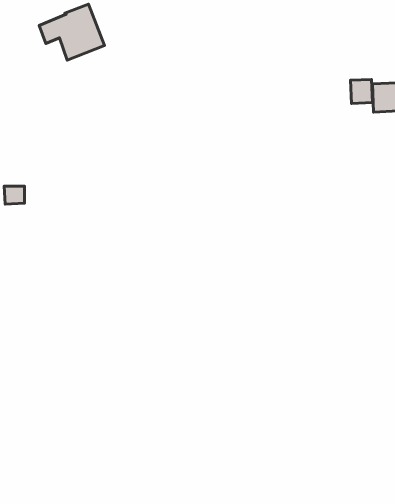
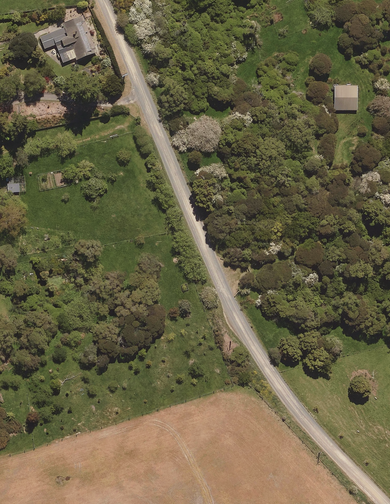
building: [351,79,372,103] -> none

